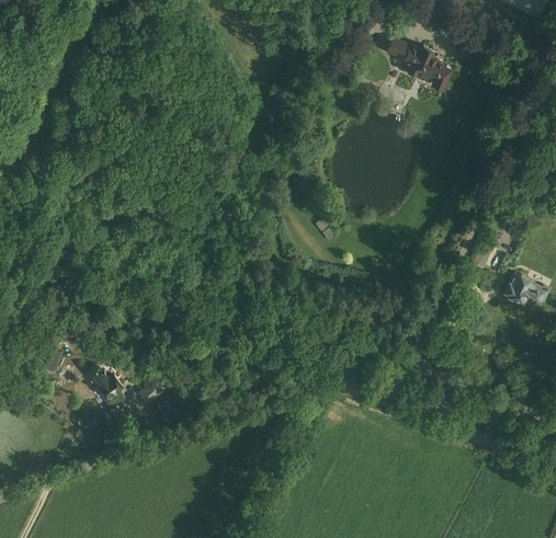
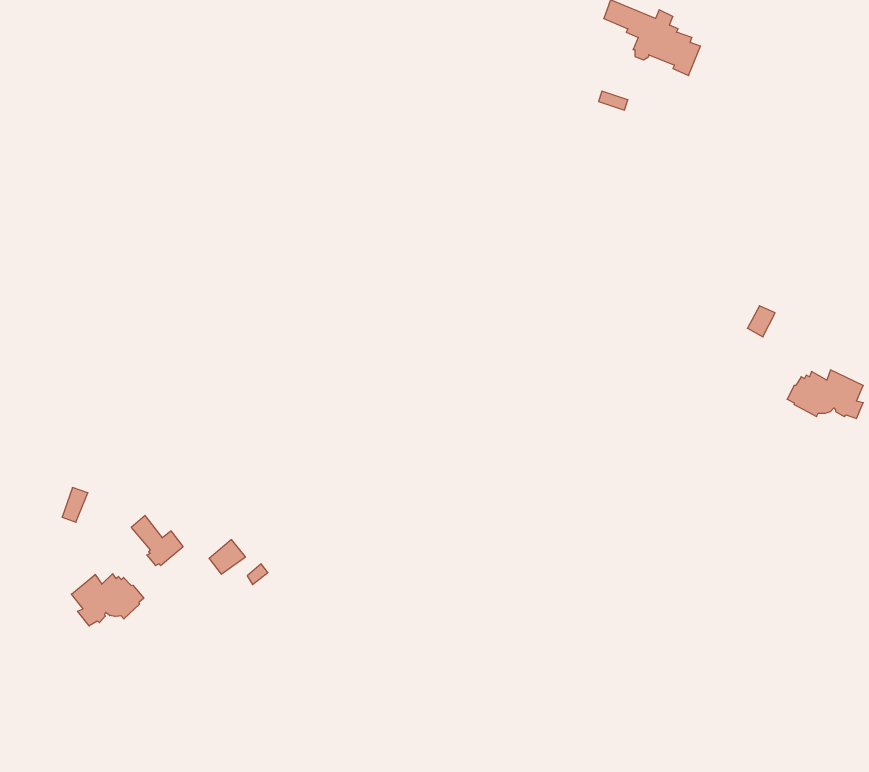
building: none -> [71,574,144,626]

